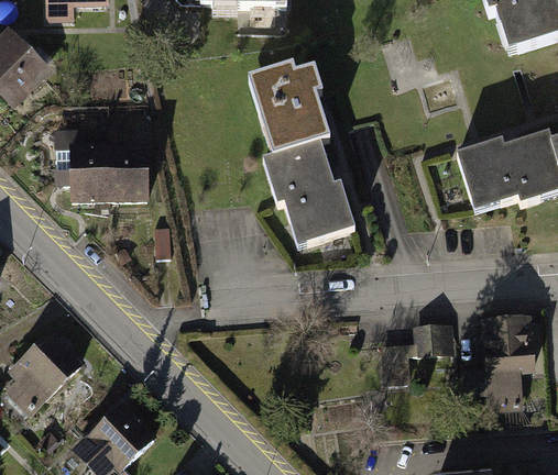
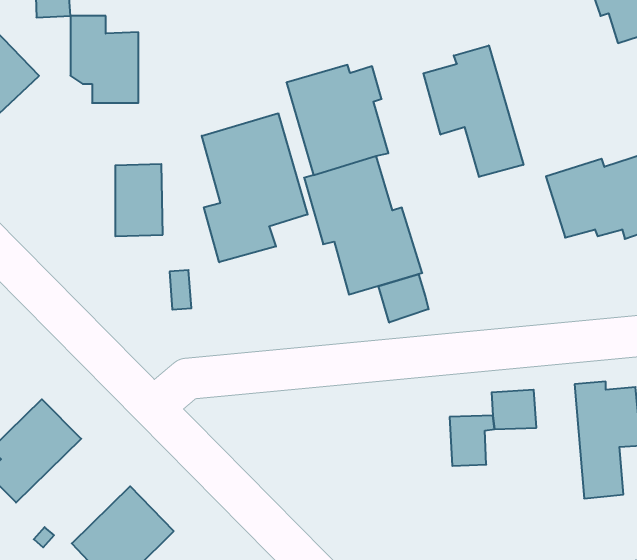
building: none -> [423,45,523,177]
building: none -> [202,113,308,262]
building: [54,131,109,201] -> [70,16,138,103]
building: none -> [379,274,429,323]

